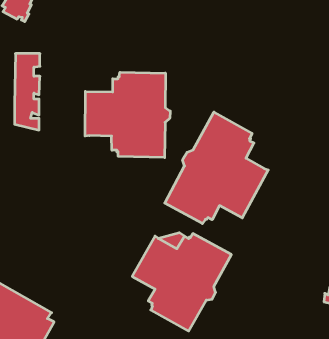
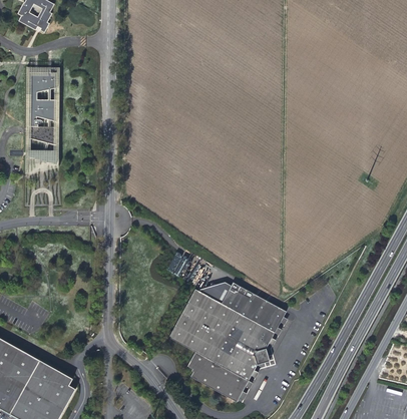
building: [85,72,170,158] -> none
building: [165,112,268,224] -> none

